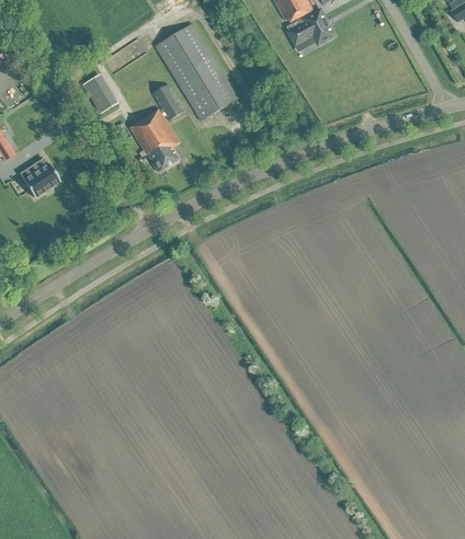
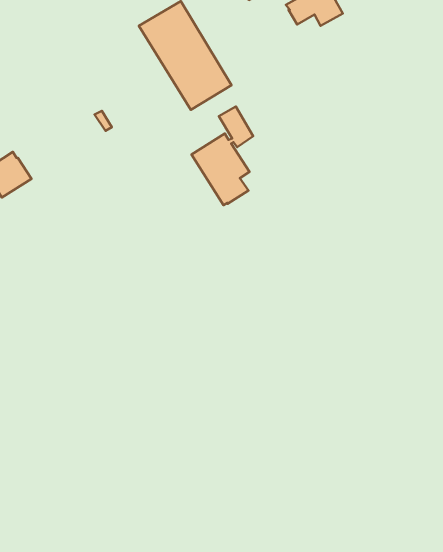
building: [80,70,116,112] -> none
building: [128,83,183,171] -> [192,106,253,205]

